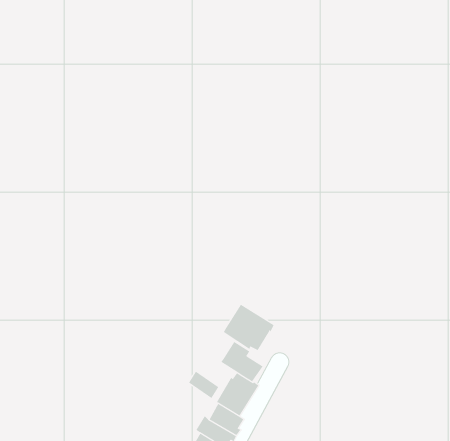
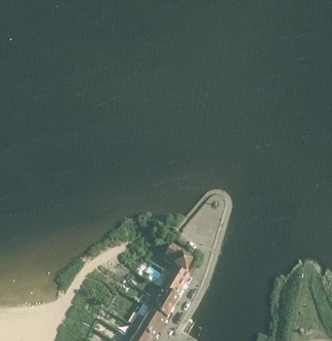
building: [223,304,274,351] -> none

